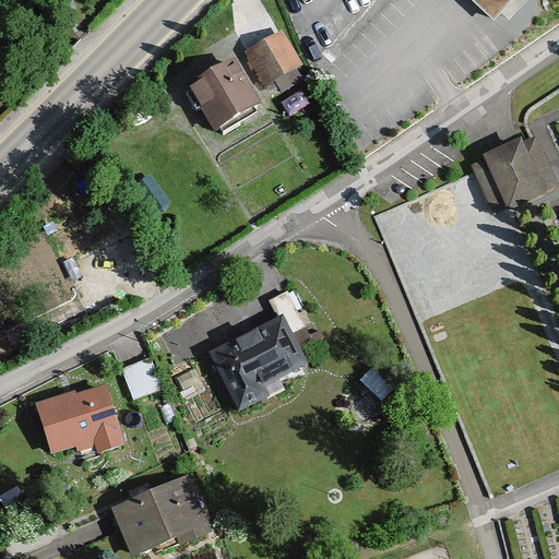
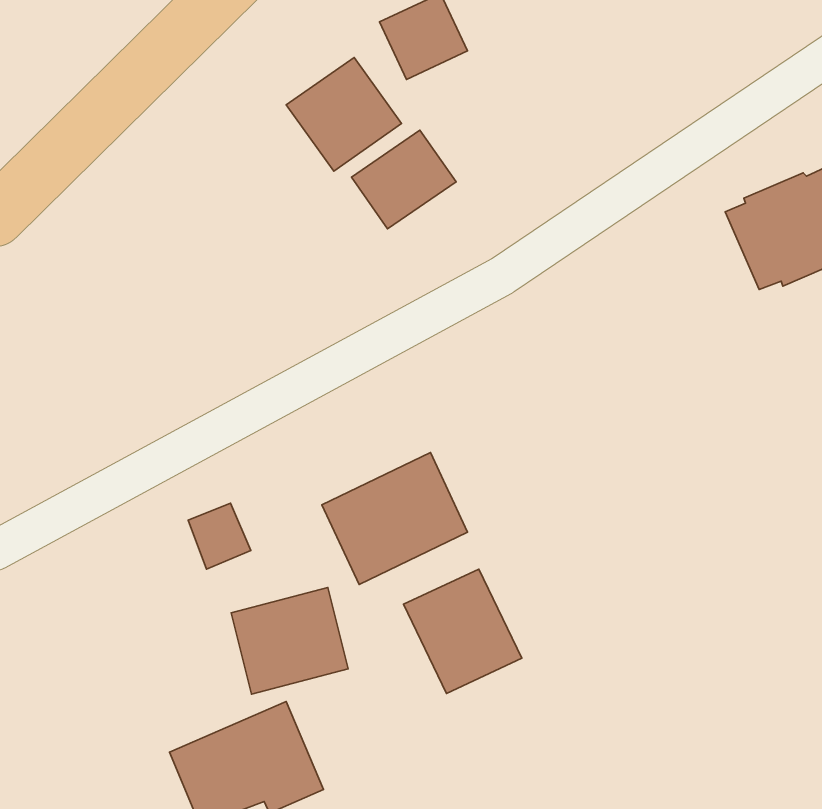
building: none -> [351,130,456,229]
building: [43,385,118,454] -> [231,587,348,694]
building: none -> [403,569,522,693]

